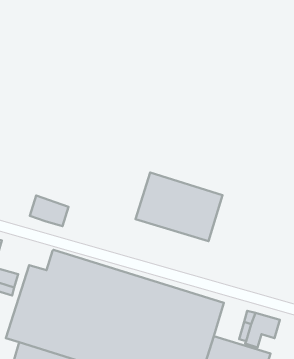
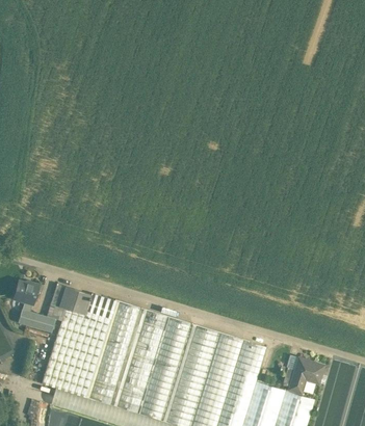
building: [135,173,222,241] -> none
building: [30,196,68,226] -> [51,283,90,314]

